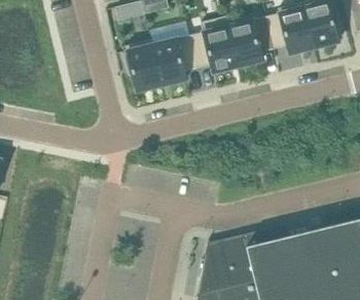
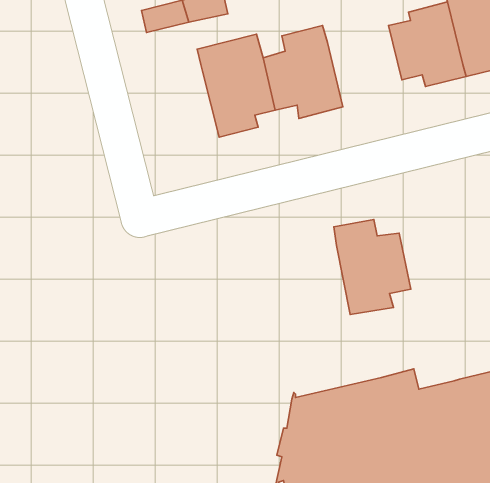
building: [229,16,275,66] -> none
building: [125,40,164,91] -> none
building: none -> [334,220,411,315]

